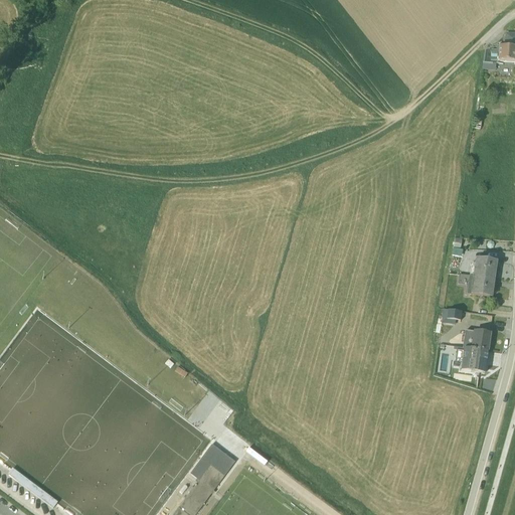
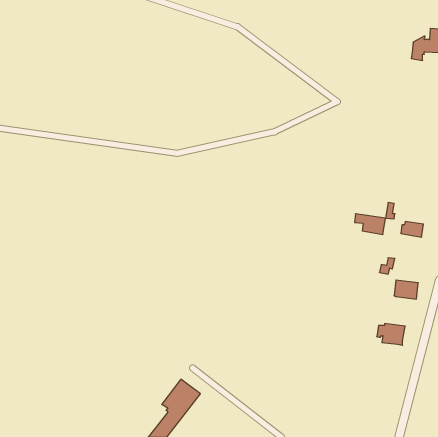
building: [459,272,495,296] -> [355,214,386,234]
building: [456,346,489,371] -> [377,324,405,345]

